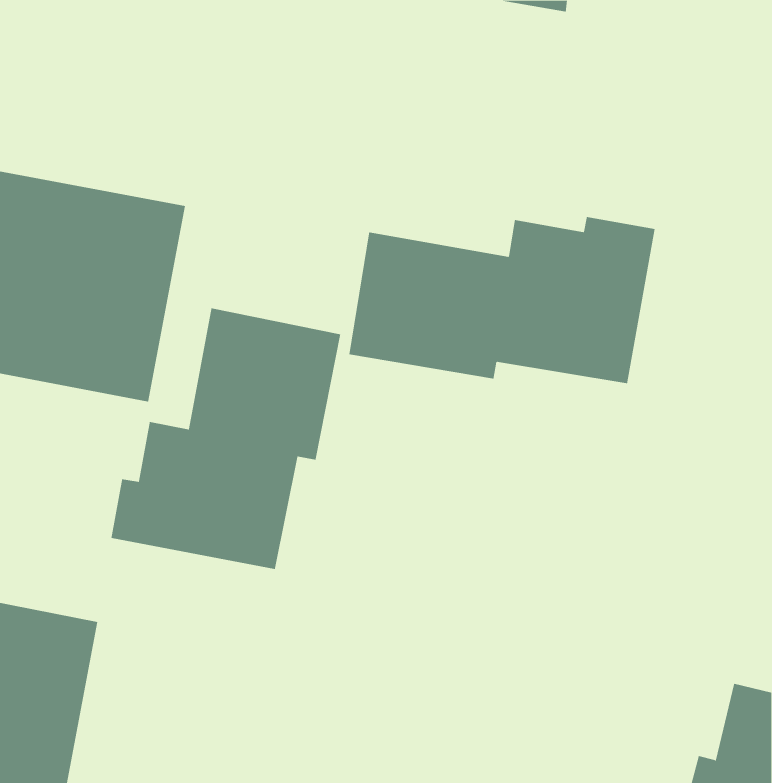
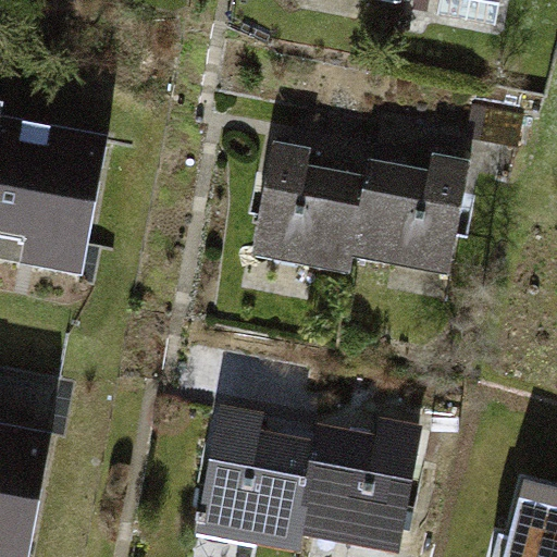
building: [111,307,341,570] -> none
building: none -> [196,425,414,548]

